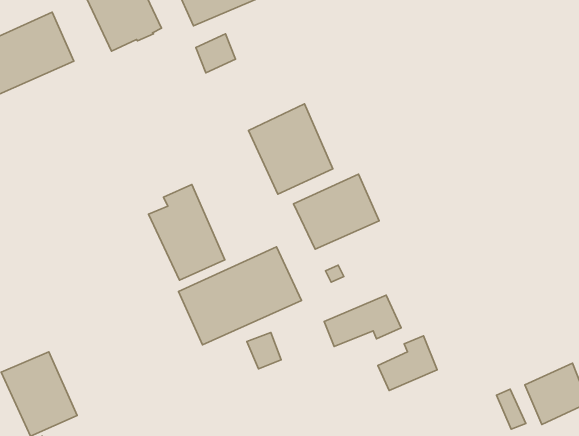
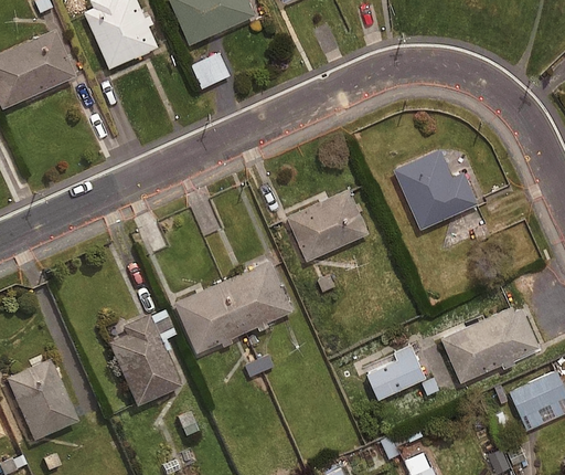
building: [249,104,333,194] -> none
building: none -> [398,148,482,229]
building: [149,184,225,280] -> [108,317,182,410]
building: none -> [444,305,545,383]
building: [324,295,401,347] -> none

